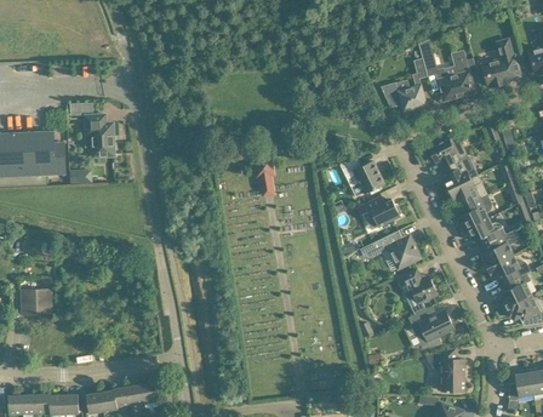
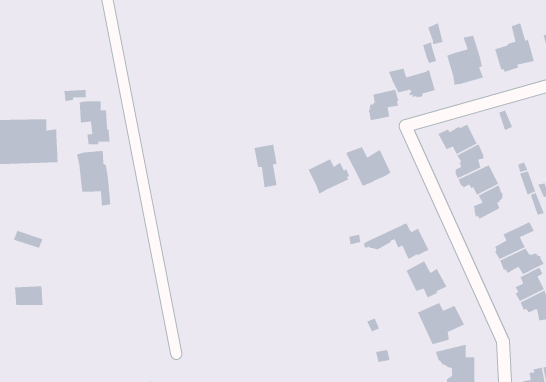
building: none -> [368,89,399,121]
building: none -> [76,150,111,207]
building: [360,196,401,232] -> [308,158,351,195]
building: [468,218,516,245] -> none

